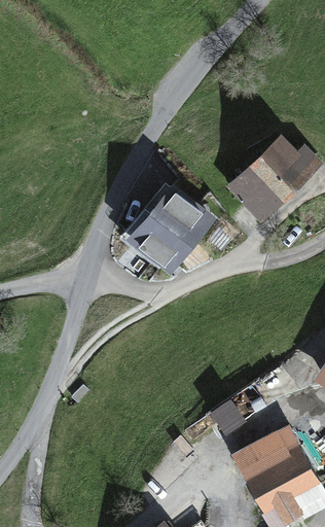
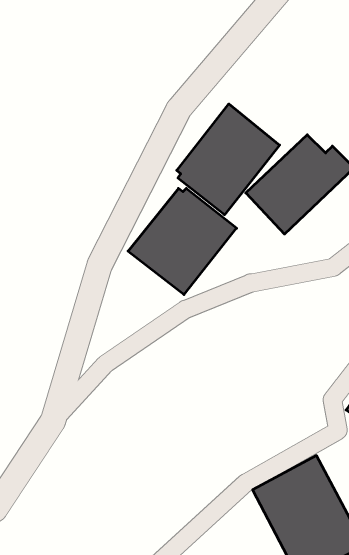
building: none -> [177,104,280,215]

